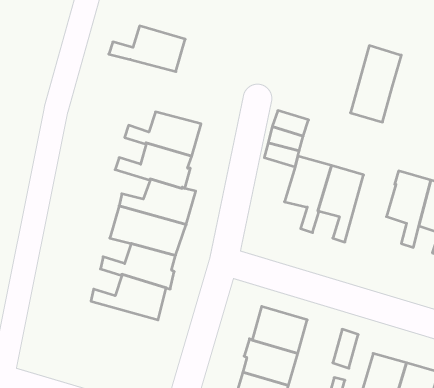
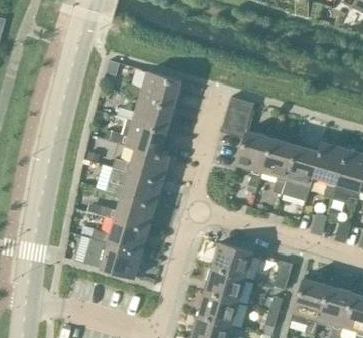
building: [109,26,185,72] -> [124,72,181,107]
building: [350,46,401,122] -> [282,145,320,202]
building: none -> [84,239,142,279]

